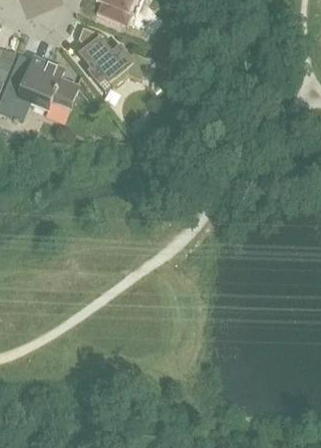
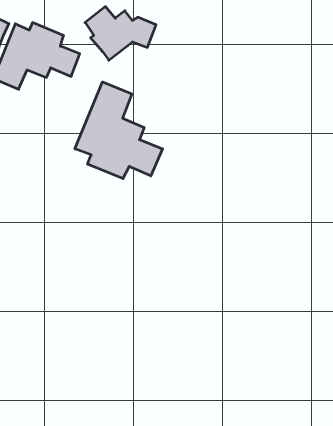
building: none -> [75,82,163,179]

